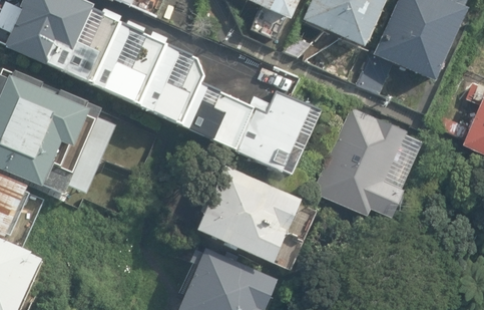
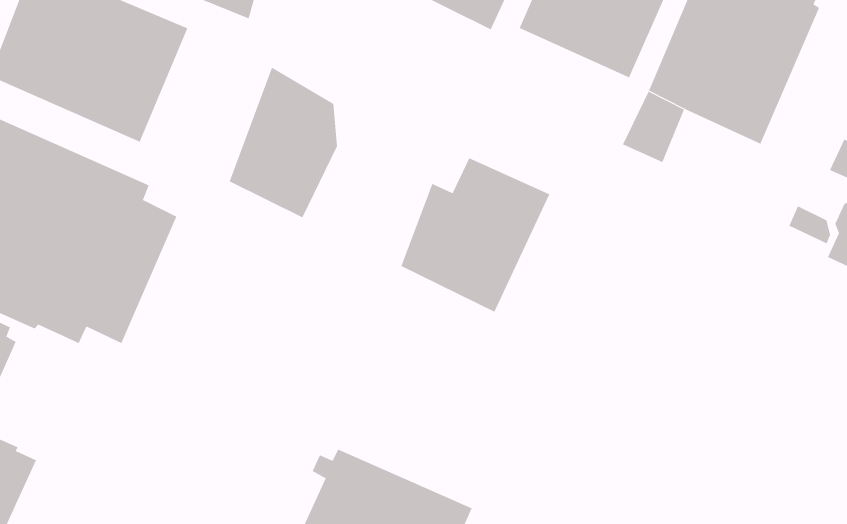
building: [96,21,167,104] -> none
building: [184,85,255,150] -> none
building: [314,107,422,220] -> none
building: [194,165,300,266] -> none

